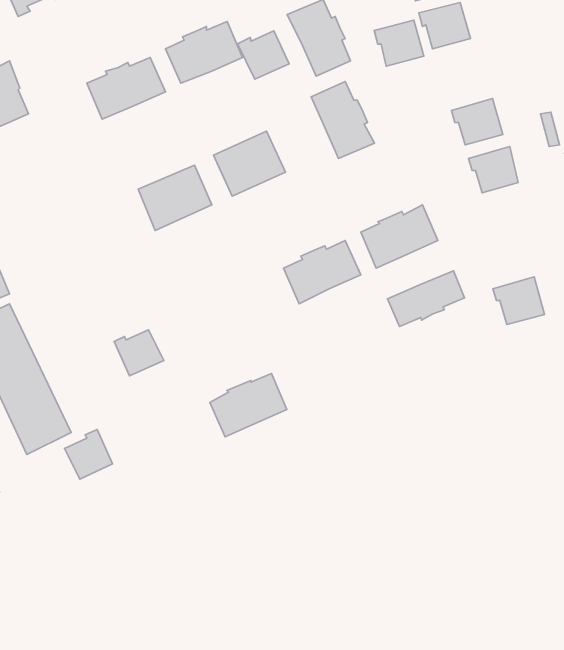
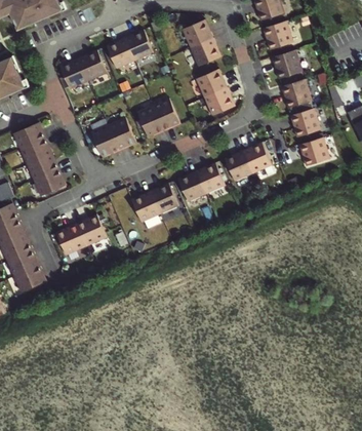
building: [374,20,424,66] -> [269,49,298,77]
building: [238,31,289,79] -> none
building: none -> [14,121,66,195]
building: [388,271,464,327] -> none
building: [493,277,544,325] -> [297,135,328,164]
building: [210,373,287,437] -> [131,184,177,222]
building: [65,430,112,479] -> [56,224,85,253]

